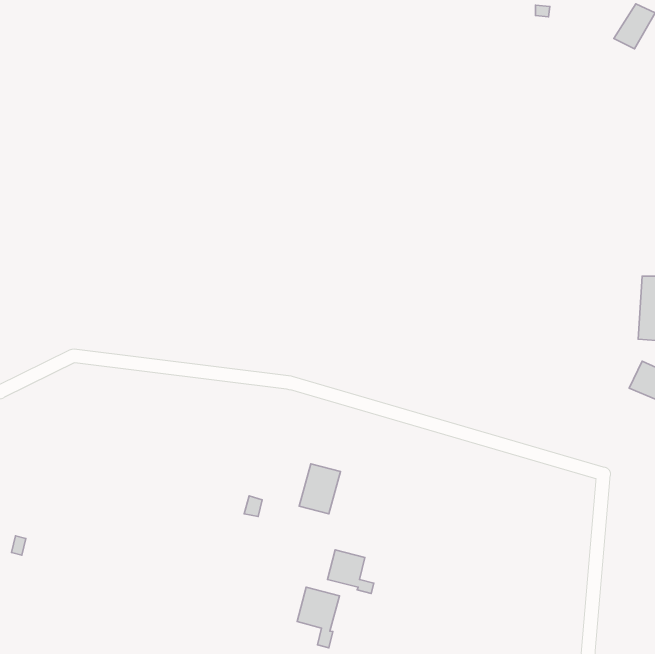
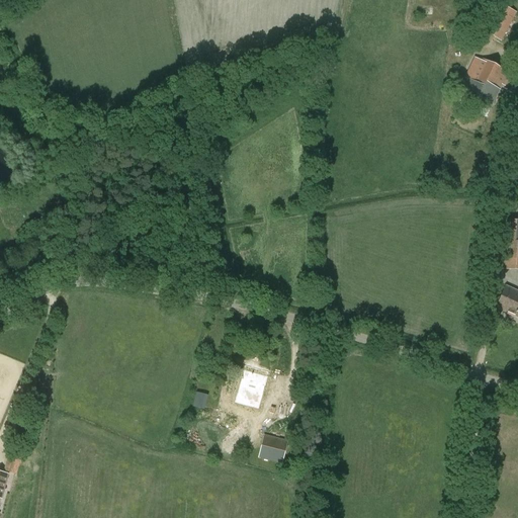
building: none -> [462,58,513,107]
building: [297,587,339,648] -> none

